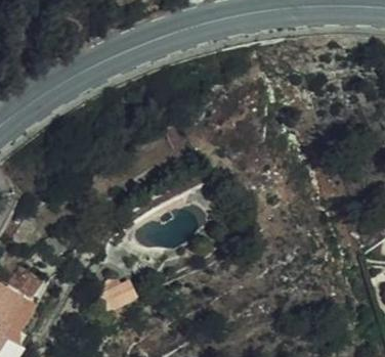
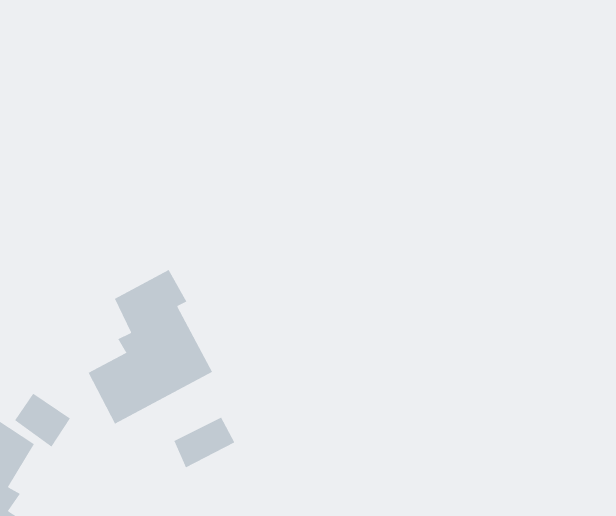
building: none -> [88,269,213,424]

